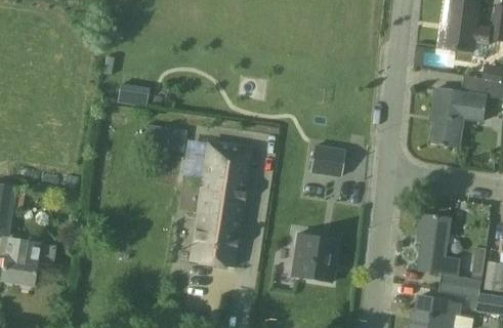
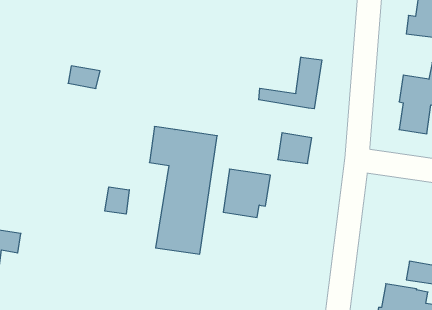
building: none -> [259,57,322,109]
building: none -> [105,187,129,214]
building: [419,214,459,273] -> none
building: [290,232,337,280] -> [223,169,270,217]

